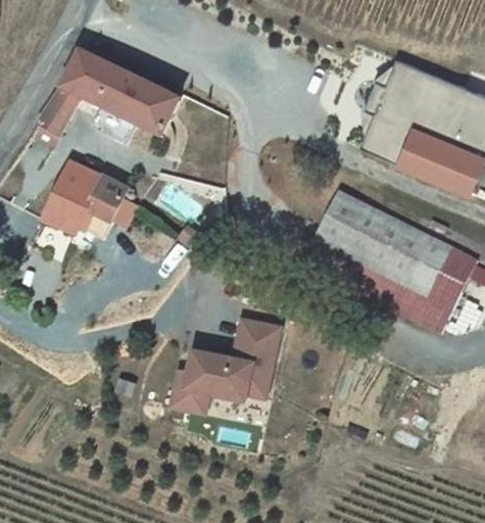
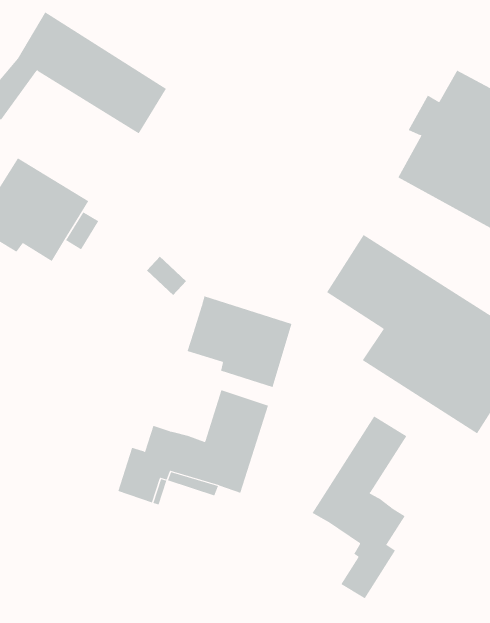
building: none -> [187,296,292,388]
building: none -> [312,415,407,599]

